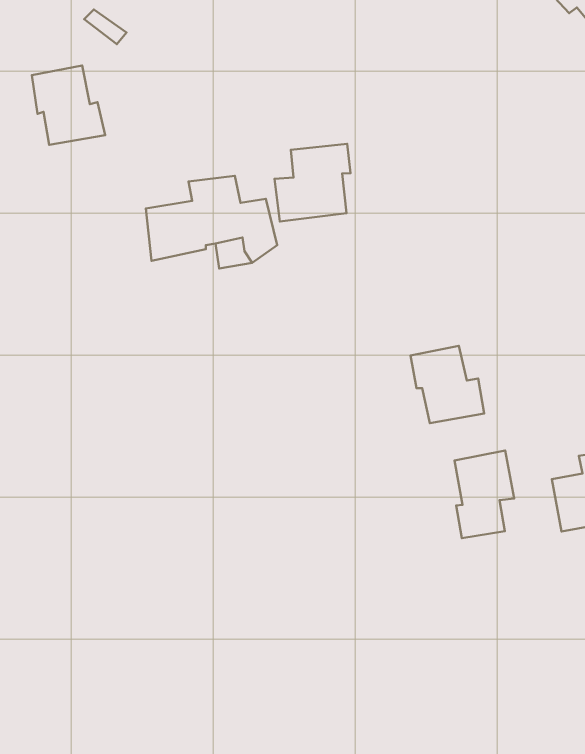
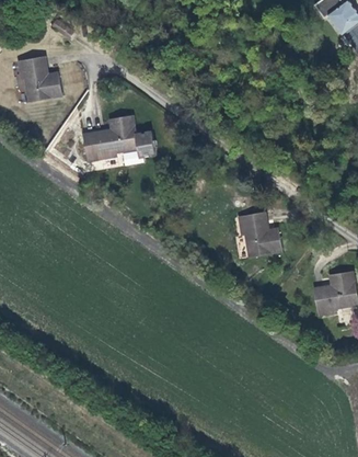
building: [274,144,351,222] -> none
building: [455,450,514,538] -> none

